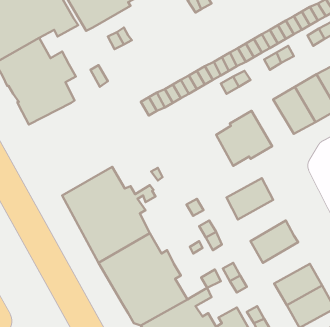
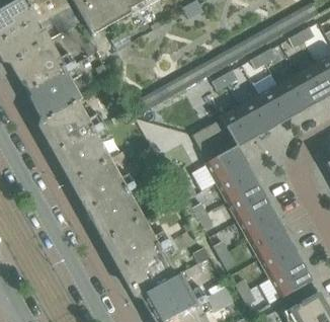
building: none -> [238,94,275,136]
building: none -> [39,97,114,179]
building: none -> [191,126,247,181]
building: none -> [226,183,268,220]
building: none -> [248,221,290,257]

